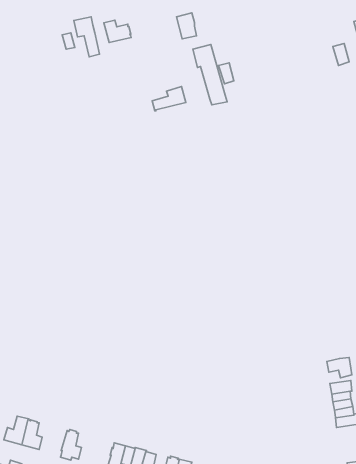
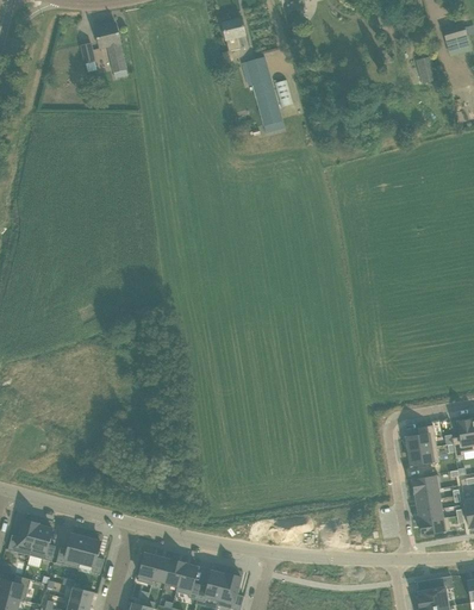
building: [104,20,131,42] -> none
building: [152,86,186,111] -> none
building: none -> [406,425,436,453]
building: none -> [56,535,86,569]

